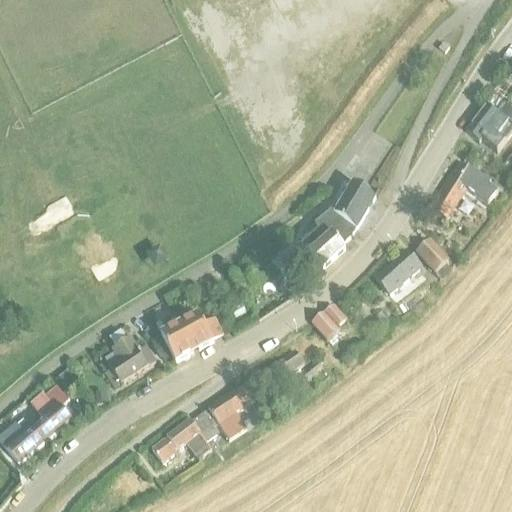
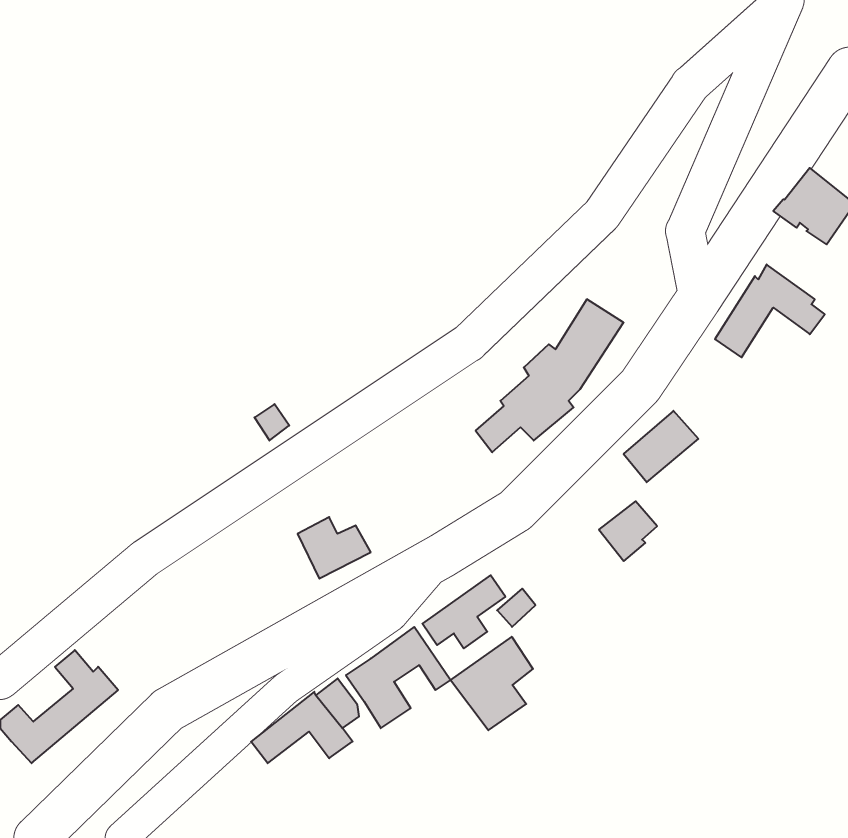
building: [417,237,449,270] -> none
building: [312,302,347,338] -> [599,501,657,561]
building: [156,317,193,358] -> none
building: [105,336,155,379] -> none
building: none -> [451,637,533,730]

